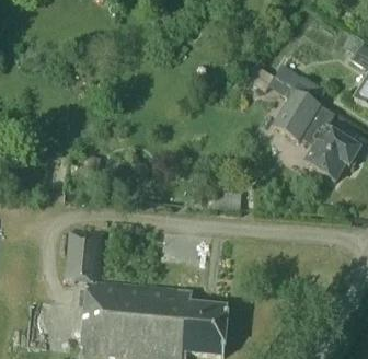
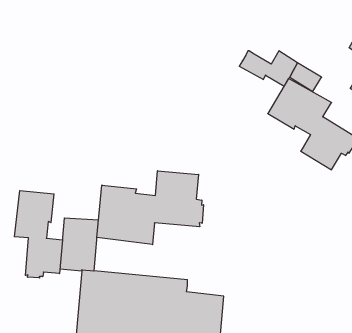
building: none -> [97,171,203,245]
building: none -> [14,191,62,278]

